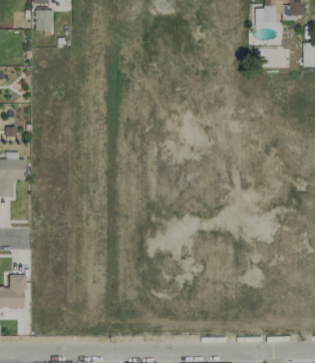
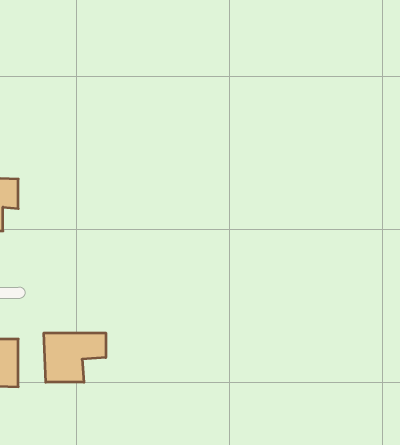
building: none -> [44,333,106,382]

